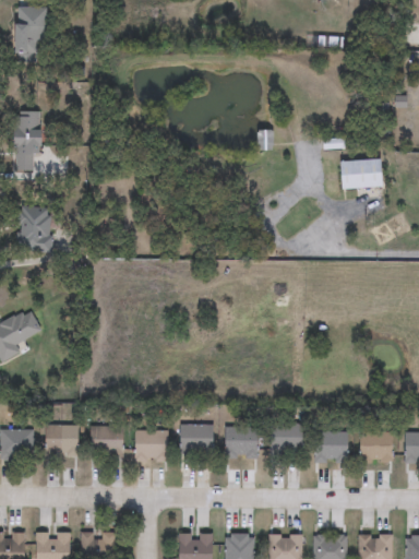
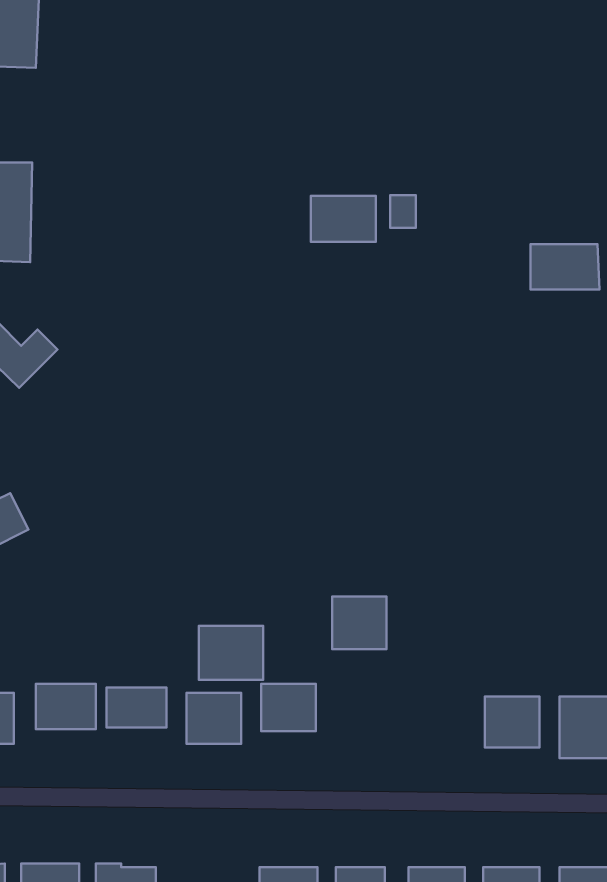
building: none -> [311,196,376,242]
building: none -> [199,626,263,680]
building: [225,426,258,457] -> [332,597,387,649]
building: [271,432,302,453] -> none

